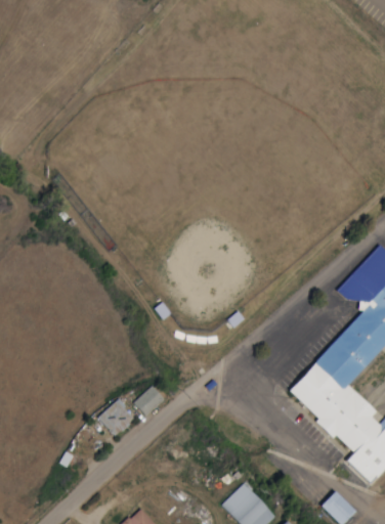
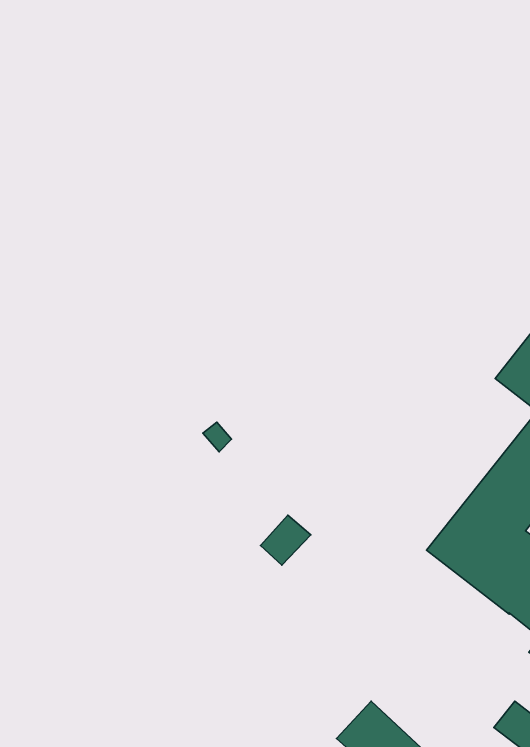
building: [134,386,166,417] -> [260,515,311,565]
building: [98,398,136,436] -> none

